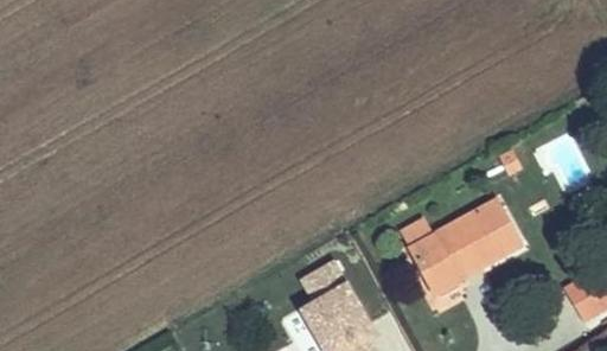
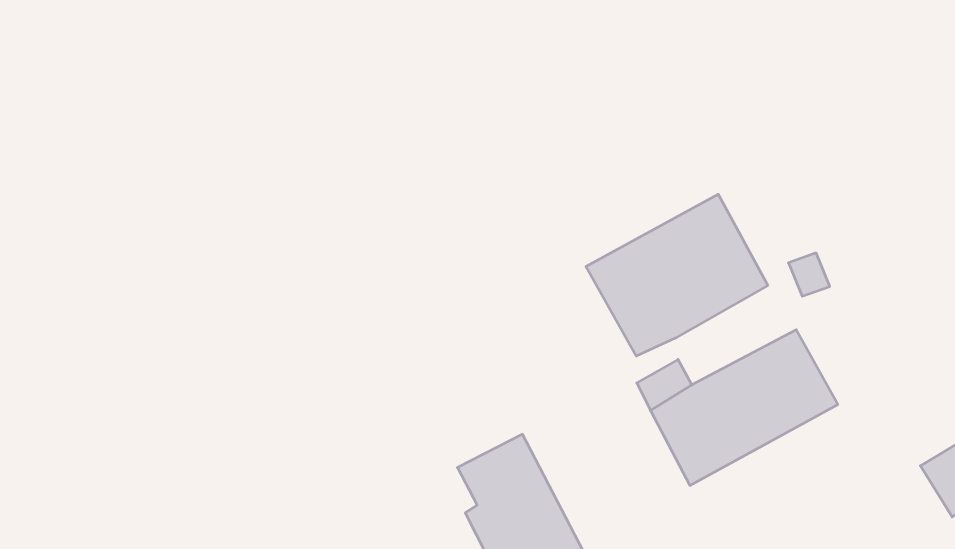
building: none -> [586,194,768,356]

